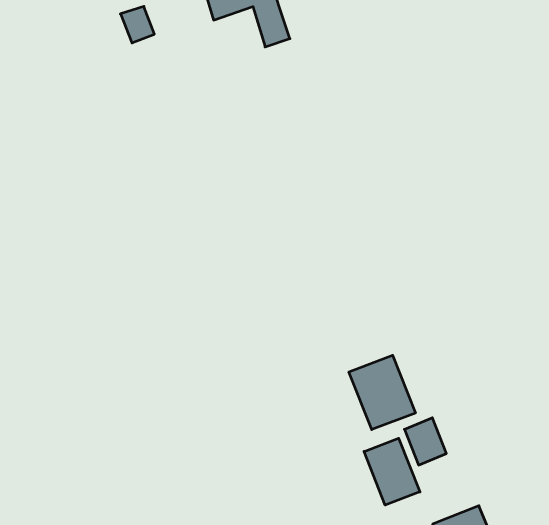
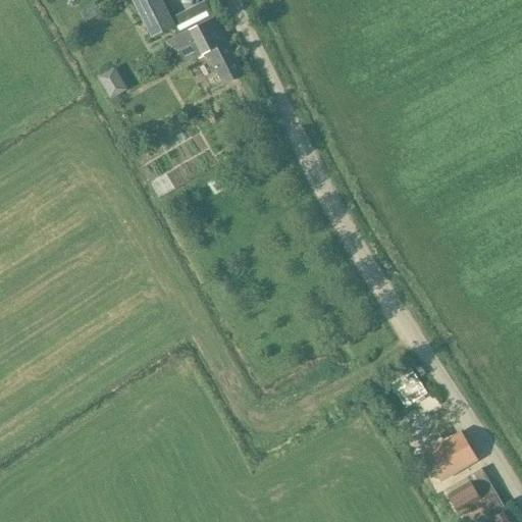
building: [349,355,415,430] -> none
building: [364,438,420,505] -> none

